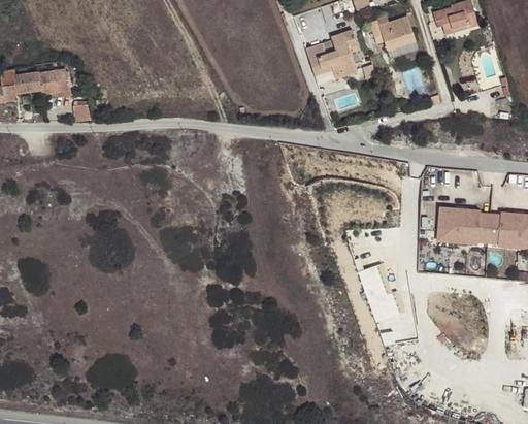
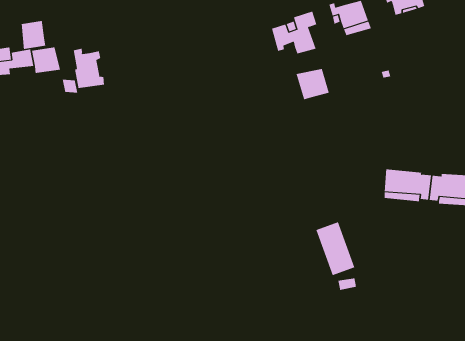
building: none -> [21,20,46,50]
building: none -> [73,48,104,89]
building: none -> [296,68,329,100]

